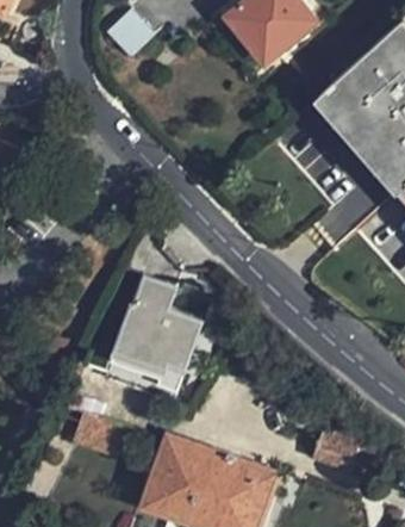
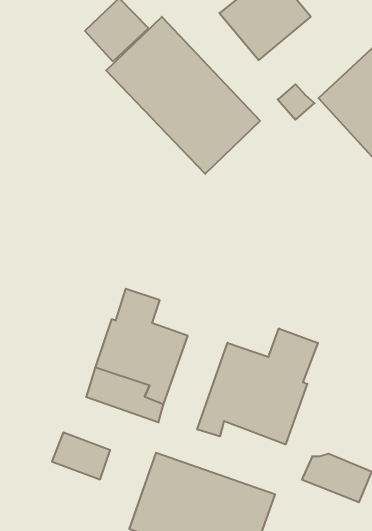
building: none -> [106,17,260,174]
building: none -> [197,328,318,444]

